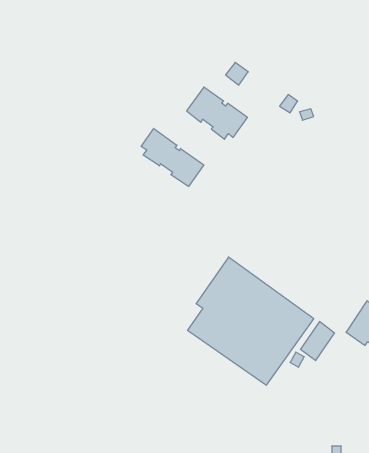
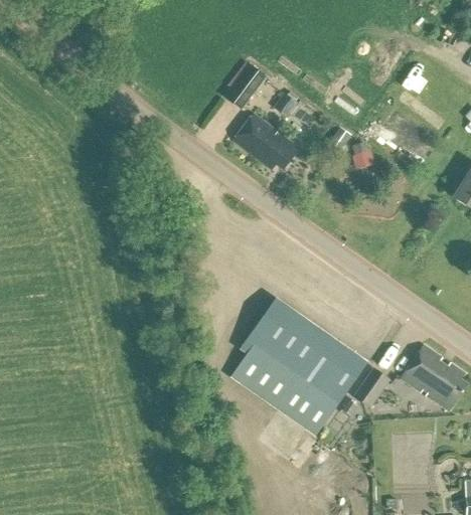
building: none -> [224,62,265,108]
building: [141,128,204,186] -> none

